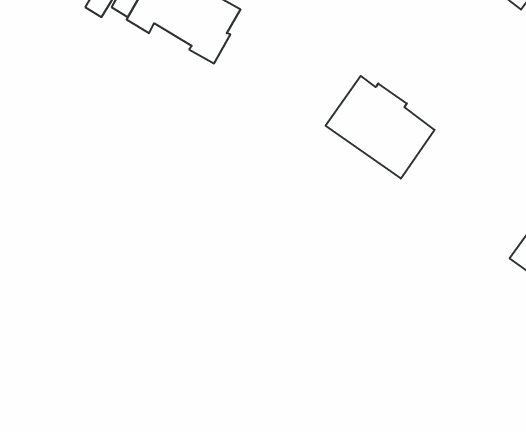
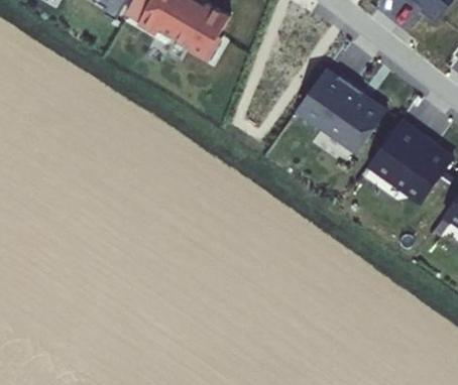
building: none -> [367,121,450,203]

